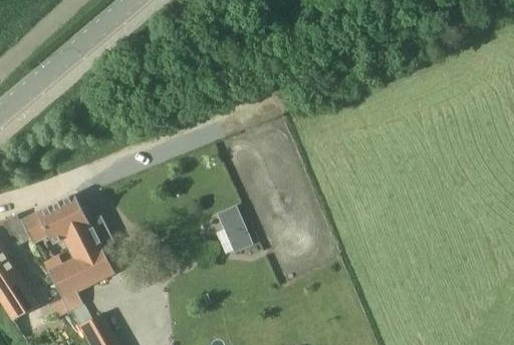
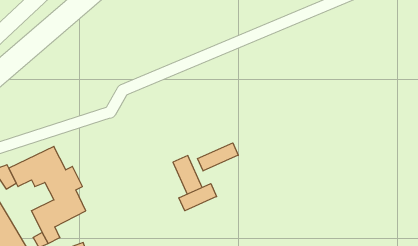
building: none -> [198,143,238,171]
building: none -> [179,184,217,211]

